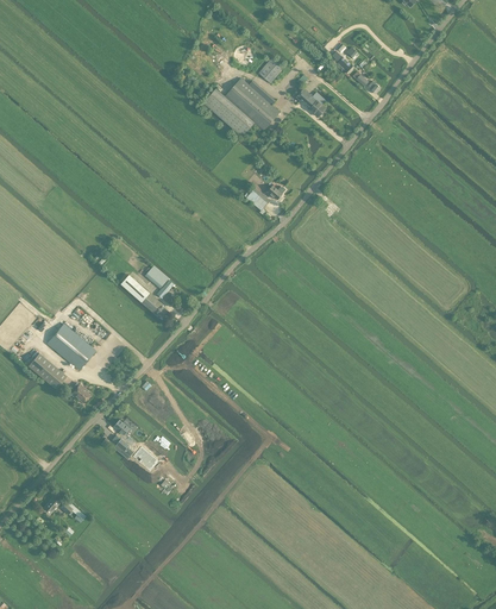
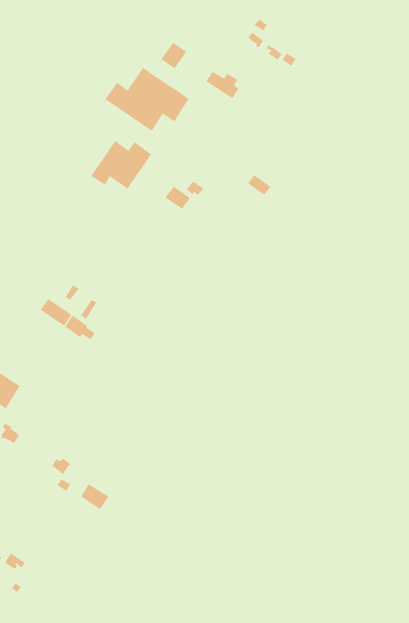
building: none -> [91,140,152,190]

